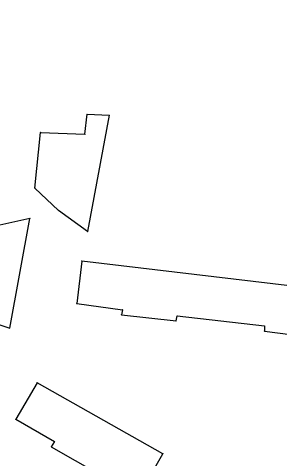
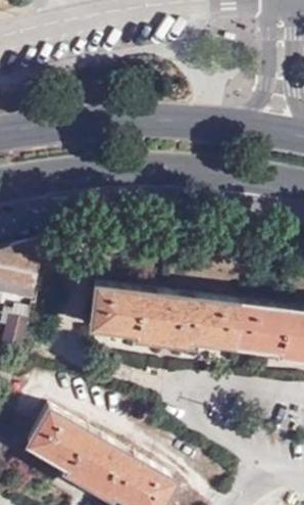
building: [35,114,109,232] -> none

